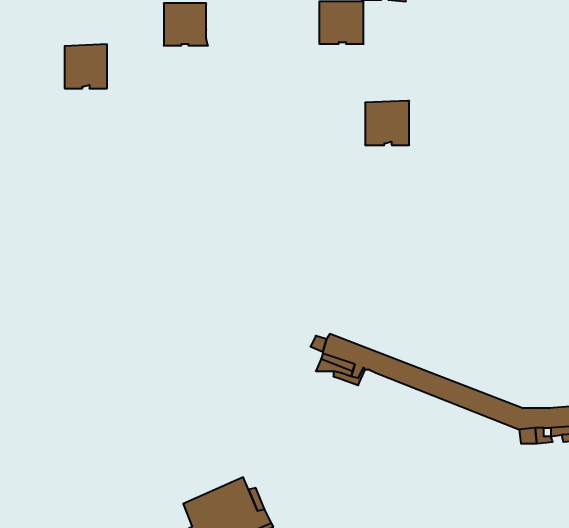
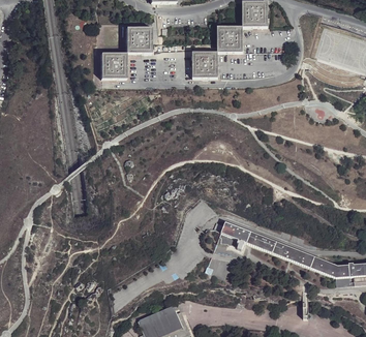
building: [65,44,107,88] -> [101,53,126,79]
building: [365,101,409,145] -> [192,52,218,78]

